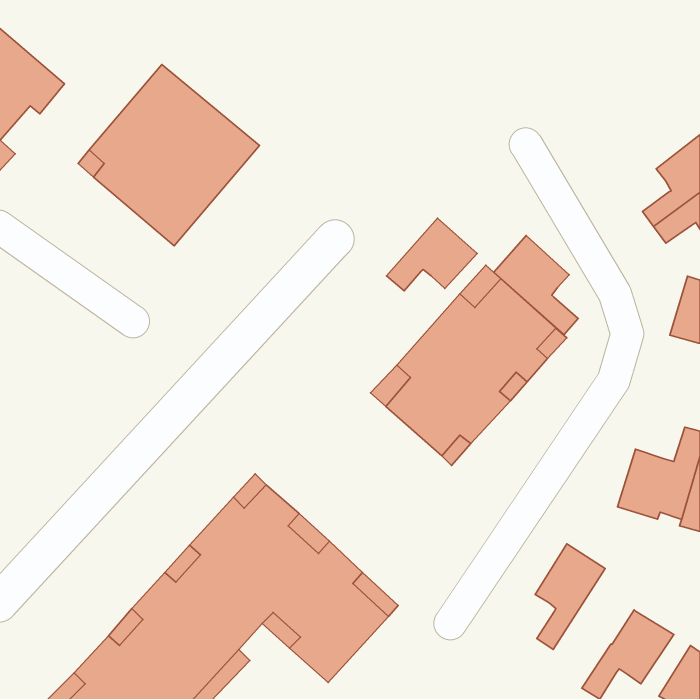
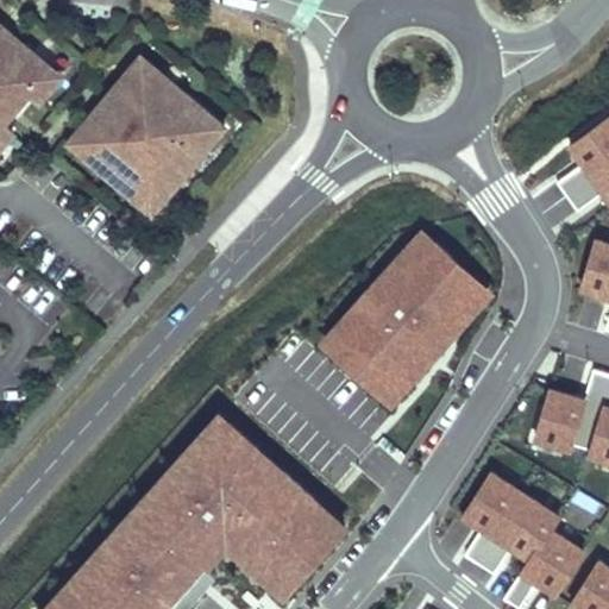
building: [387,218,477,291] -> none
building: [494,236,578,334] -> none
building: none -> [479,495,559,575]

